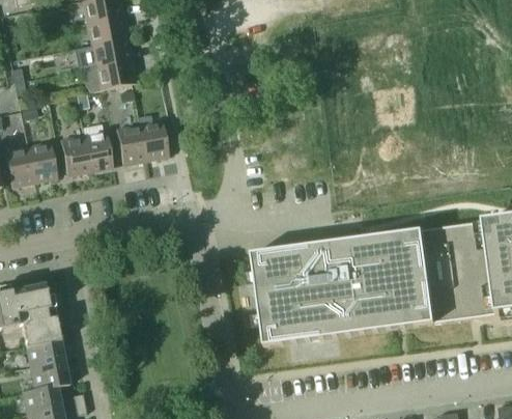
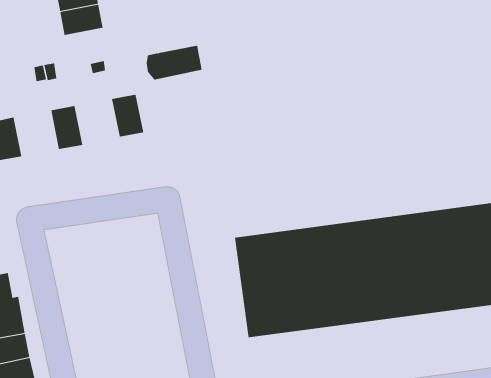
building: [83,59,135,91] -> [146,45,202,80]
building: [115,124,145,165] -> none
building: [59,135,89,175] -> none

